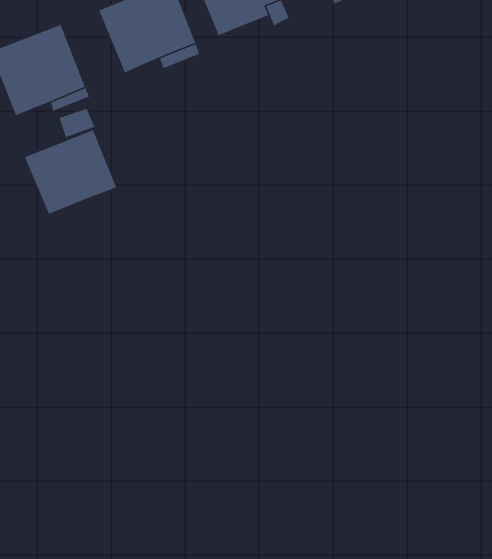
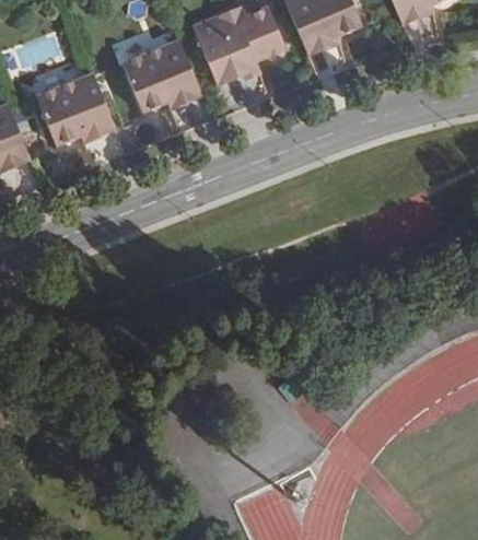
building: [24,129,117,215] -> none

